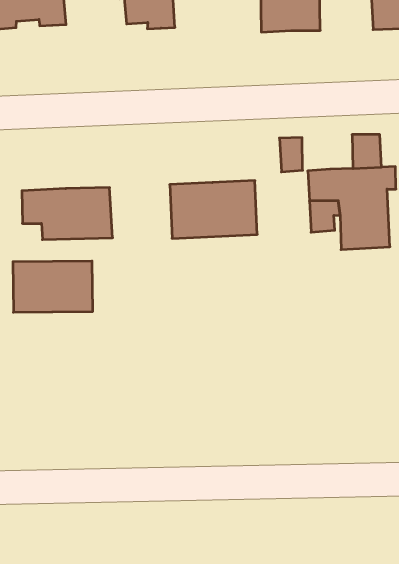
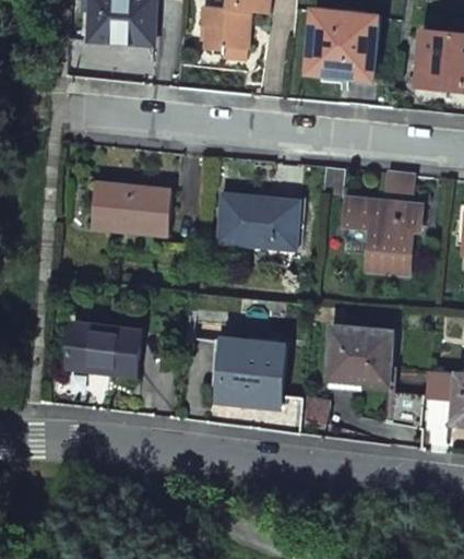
building: [13,261,93,312] -> [68,322,142,374]
building: none -> [326,326,392,384]
building: none -> [221,338,286,405]

